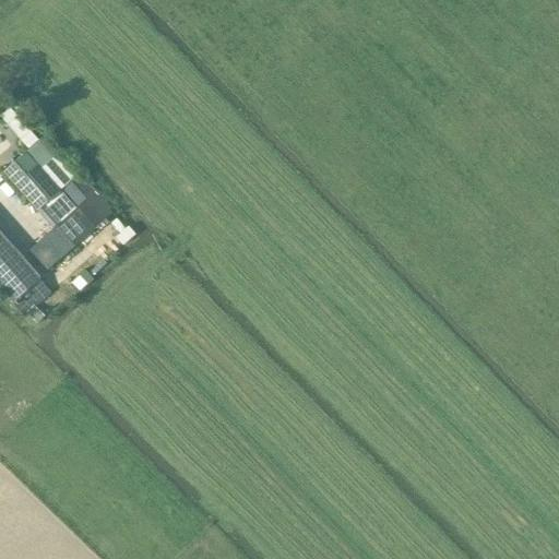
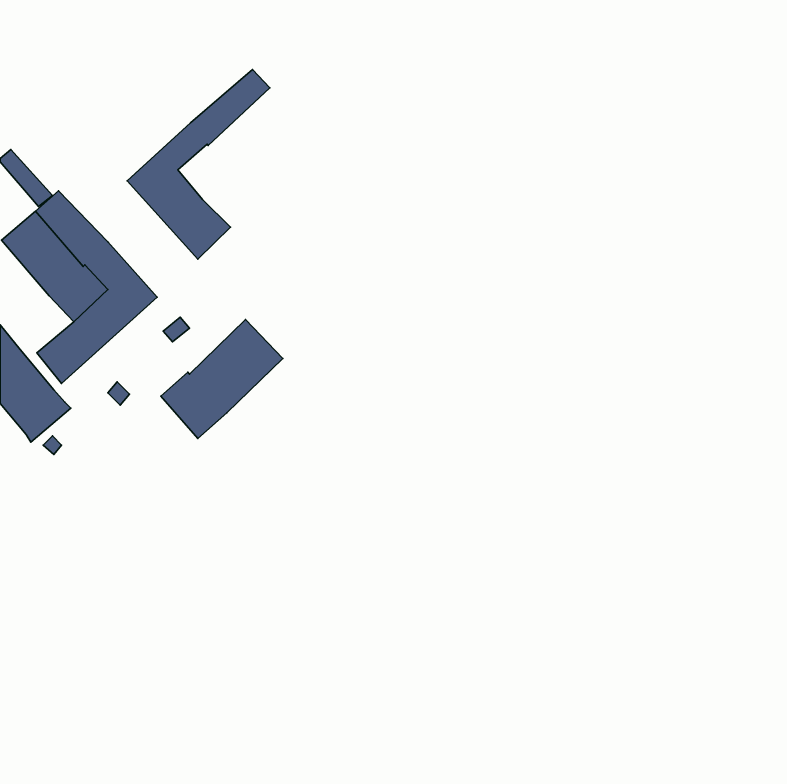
building: none -> [127,70,270,259]
building: none -> [161,320,283,438]

